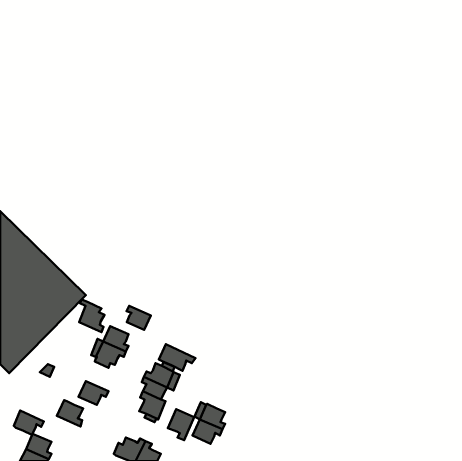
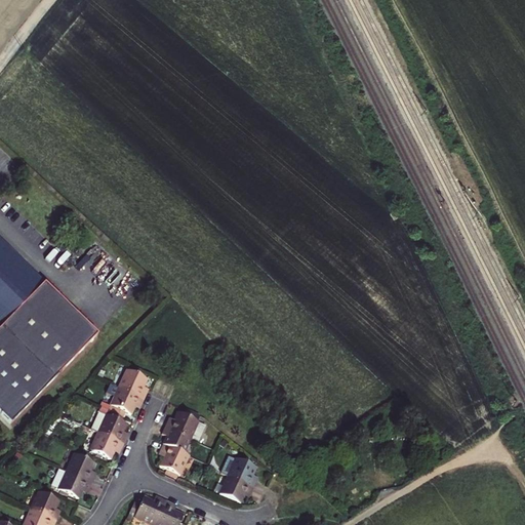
building: [79,300,104,332] -> [97,406,126,443]
building: [127,306,151,330] -> none
building: [159,344,196,371] -> none
building: [168,409,194,440] -> none
building: [14,411,44,435] -> [57,471,91,498]

